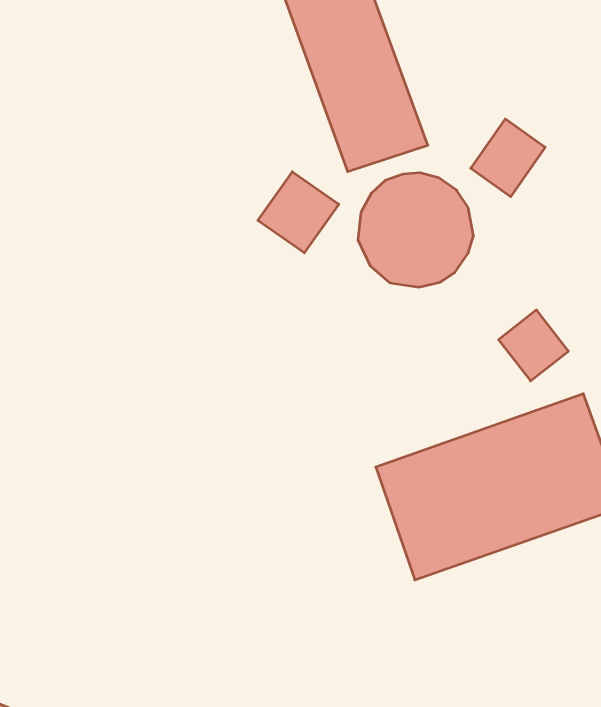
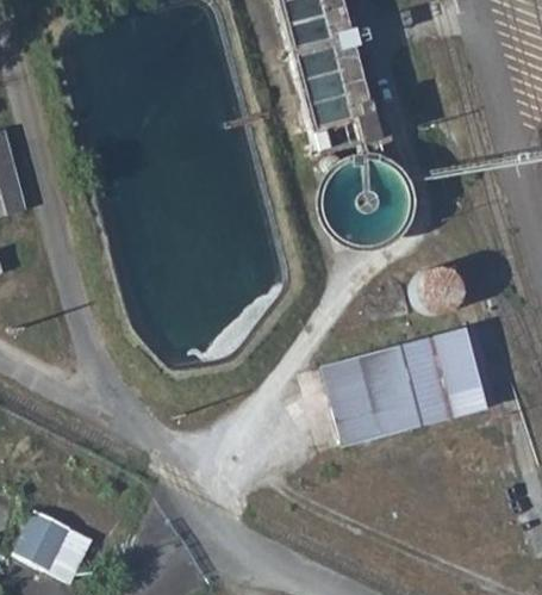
building: [471,119,545,197] -> none
building: [258,172,339,253] -> none

